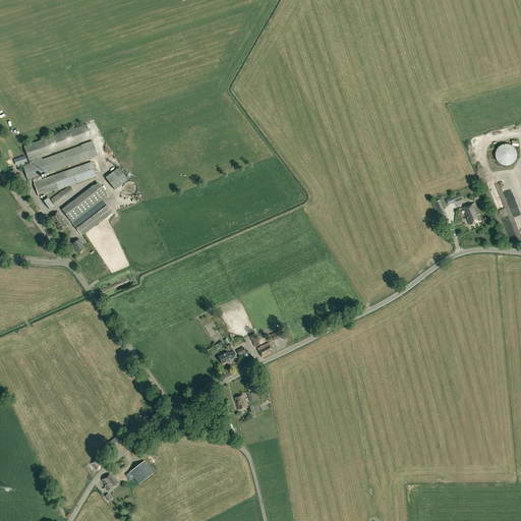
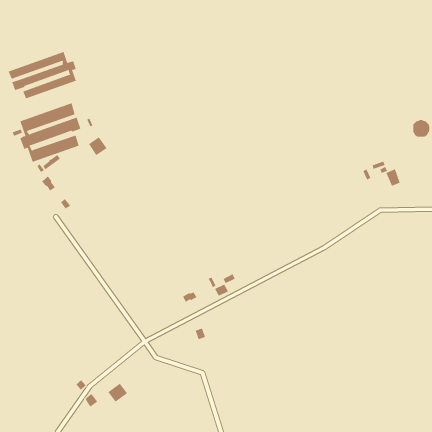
building: none -> [8,51,77,99]
building: [63,187,112,232] -> none

